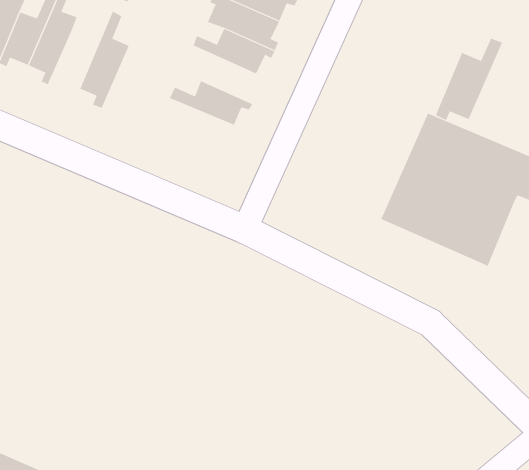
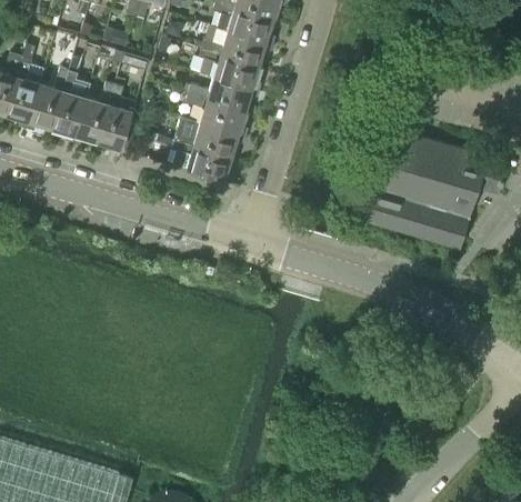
building: none -> [70,71,117,144]
building: [435,38,503,121] -> none
building: none -> [184,94,247,138]
building: none -> [171,141,233,182]

